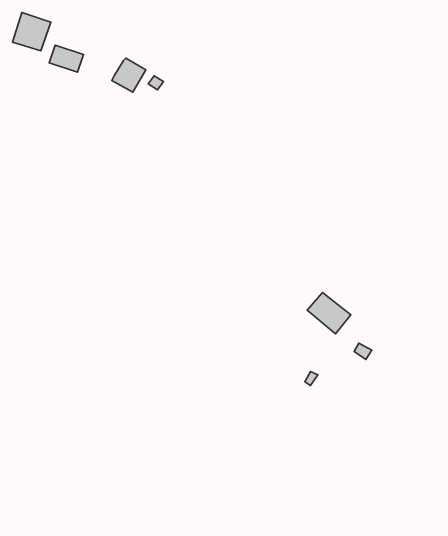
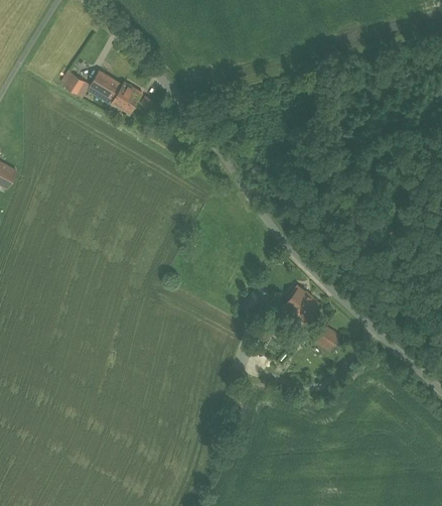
building: [13,12,51,51] -> none
building: none -> [93,75,124,102]

